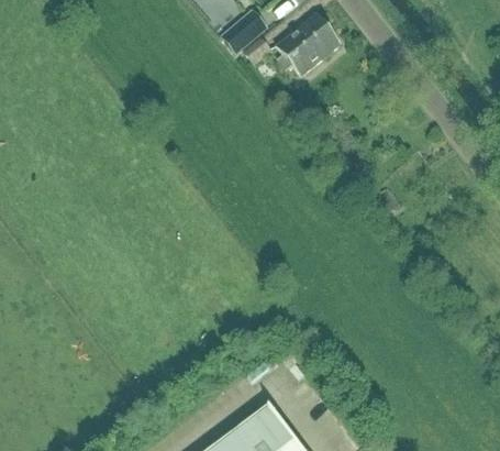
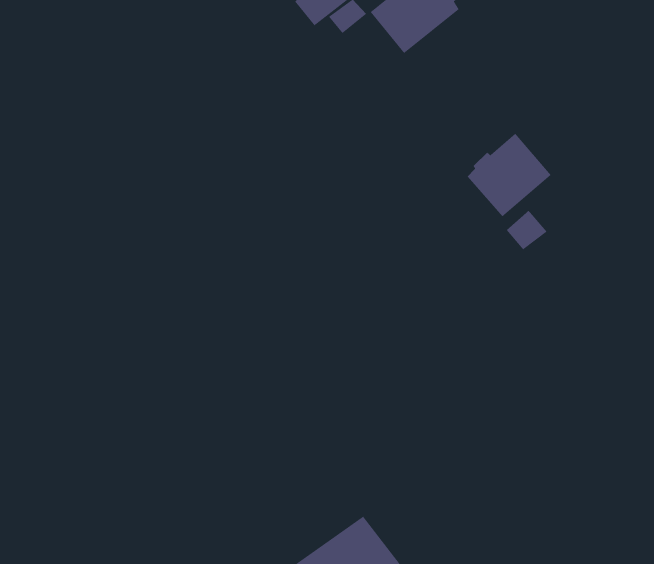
building: none -> [467,133,552,217]

